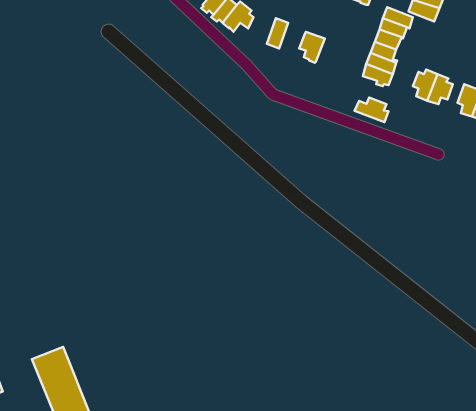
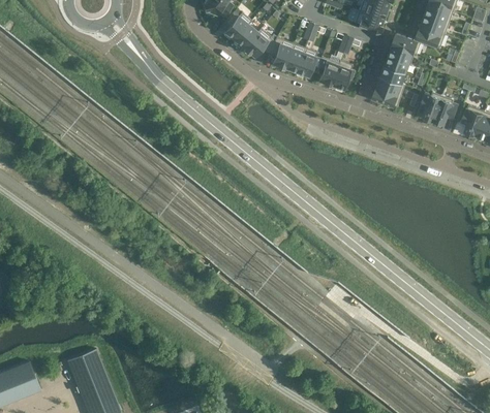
building: none -> [267,38,293,68]
building: none -> [295,49,319,78]
building: none -> [330,61,354,92]
building: [355,97,388,122] -> none

